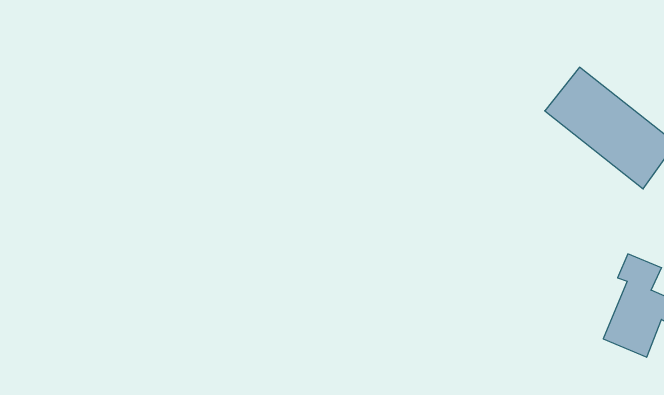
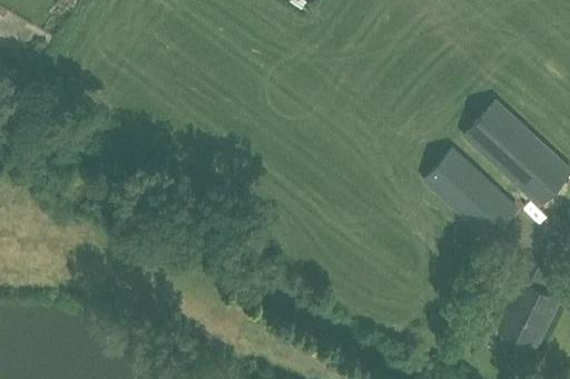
building: none -> [423,148,517,239]

